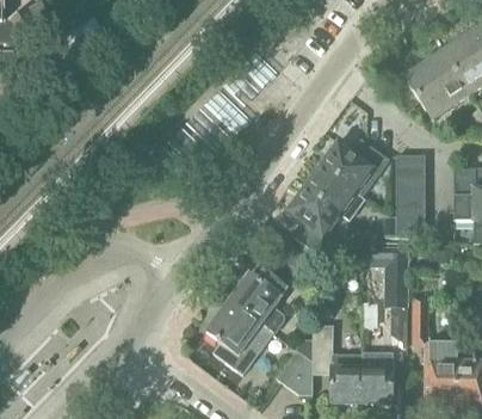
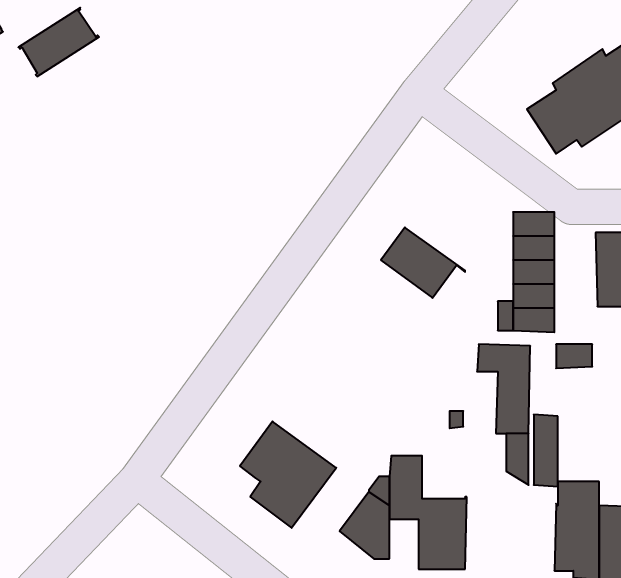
building: [321,138,389,195] -> none
building: [286,187,340,254] -> none
building: [229,239,313,332] -> none
building: [363,352,393,403] -> none

